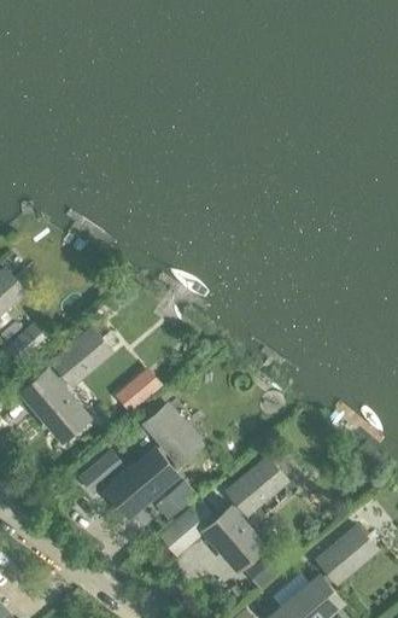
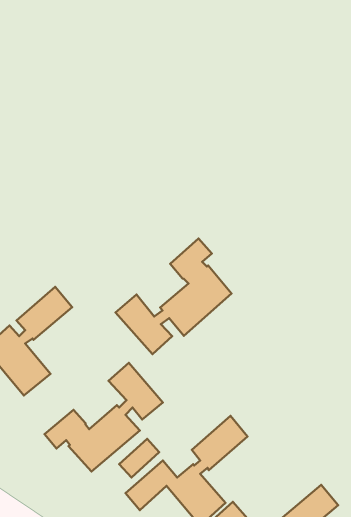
building: none -> [115,238,232,354]
building: [115,368,160,413] -> none

